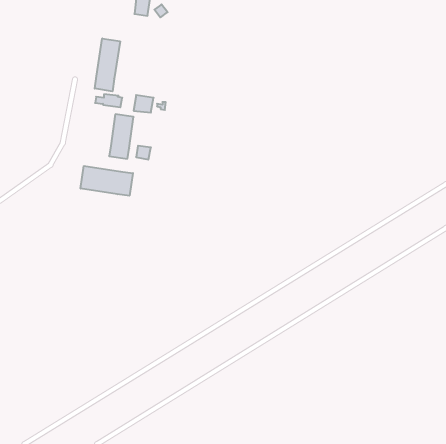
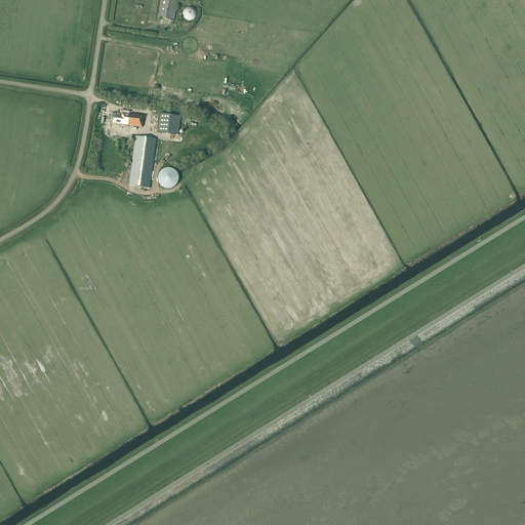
building: [95,38,120,91] -> none
building: [81,166,133,196] -> none

